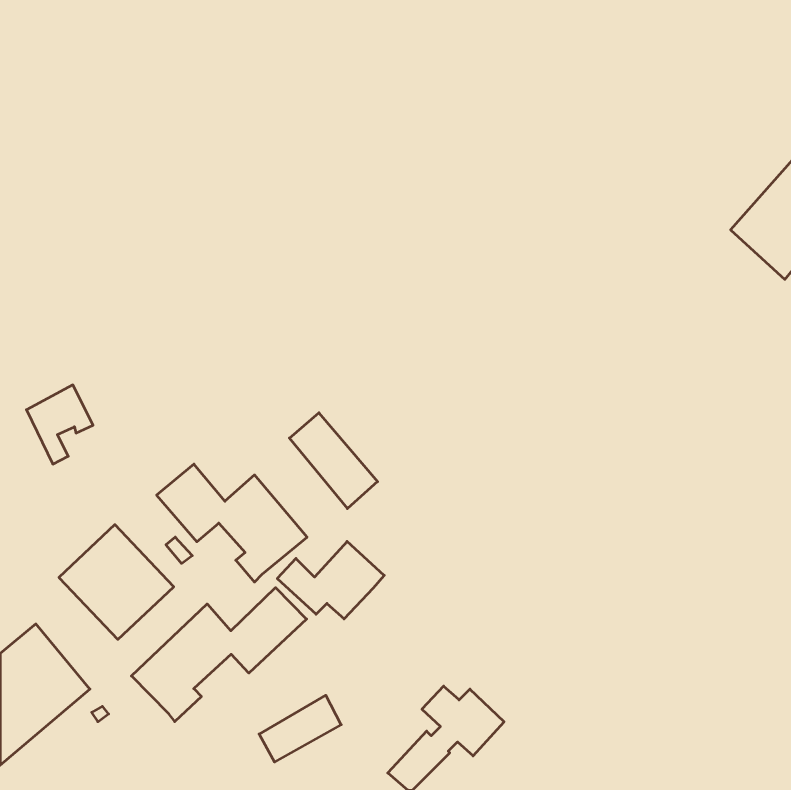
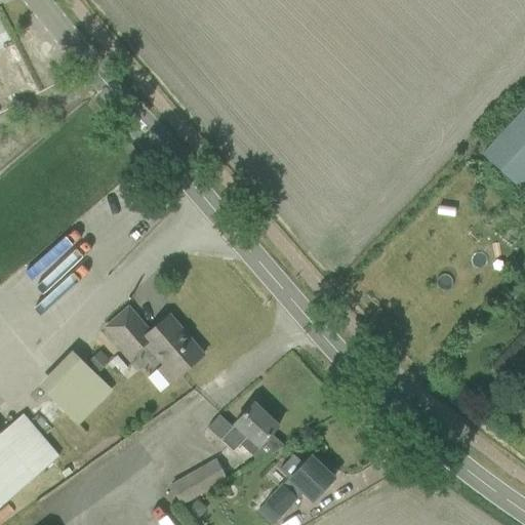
building: [289,413,378,509] -> none
building: [277,541,384,619] -> [208,402,279,453]
building: [131,588,307,722] -> none

